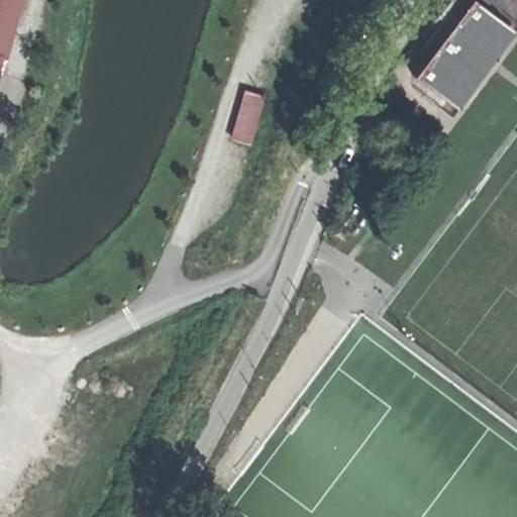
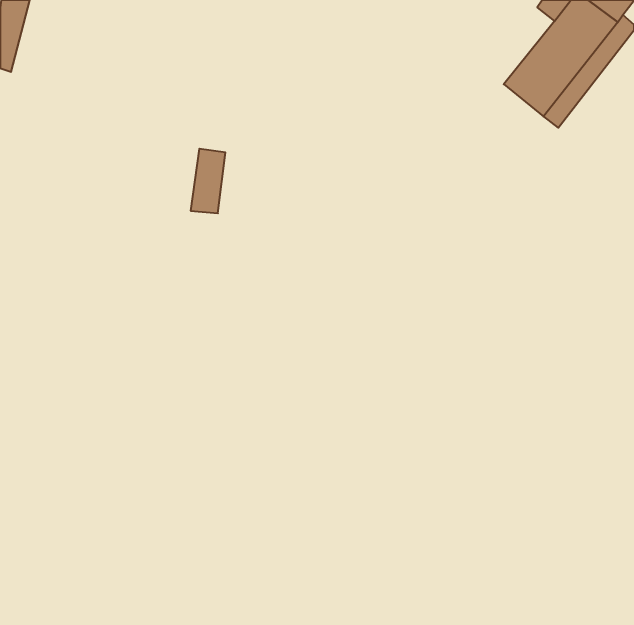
building: [235,96,264,148] -> [191,149,225,213]

